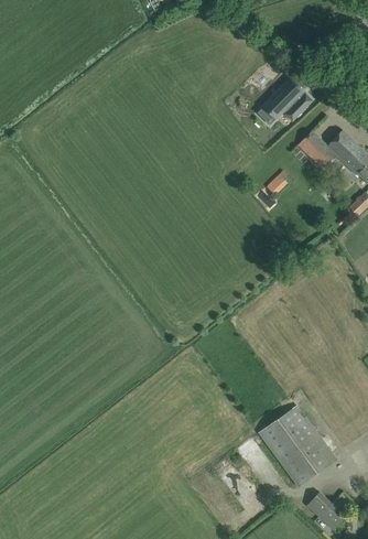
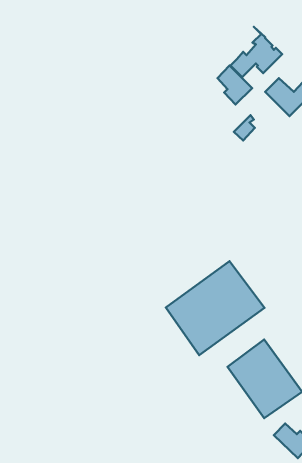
building: none -> [217,65,252,104]
building: none -> [166,261,265,355]

